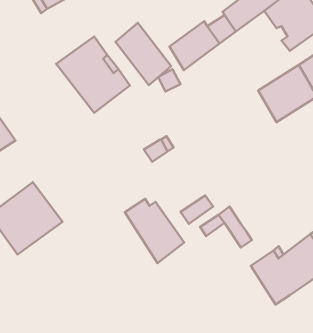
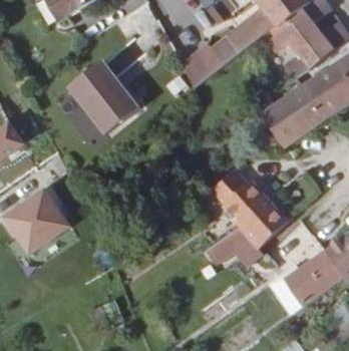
building: [115,23,171,85] -> none
building: [125,199,184,263] -> [225,170,283,234]

